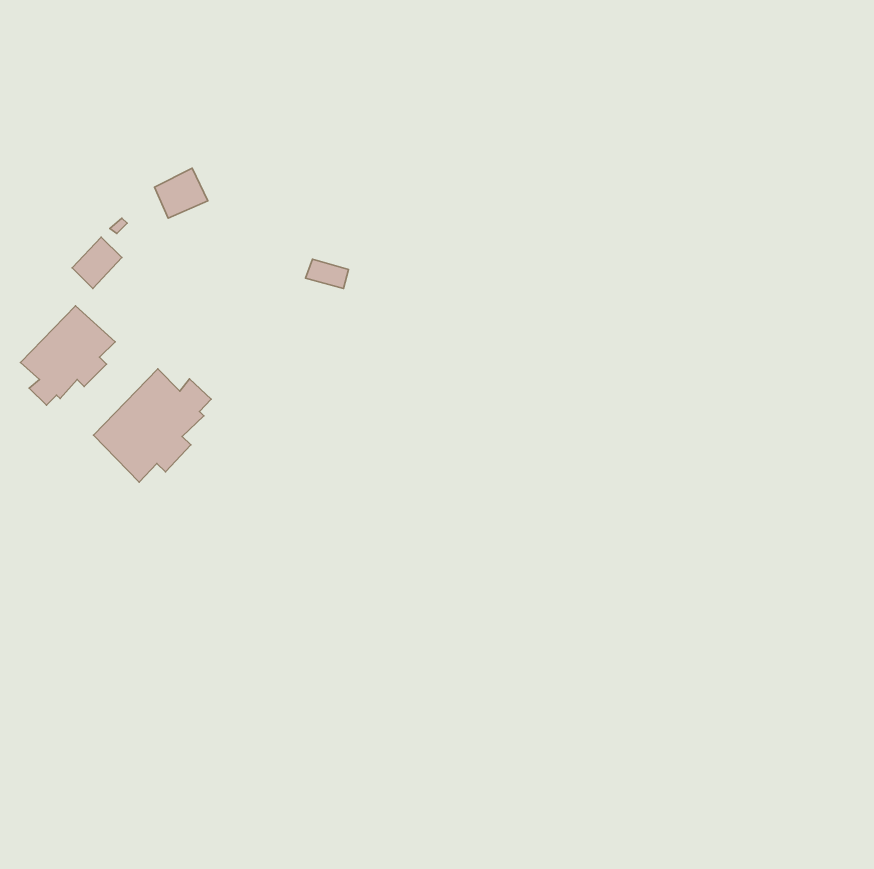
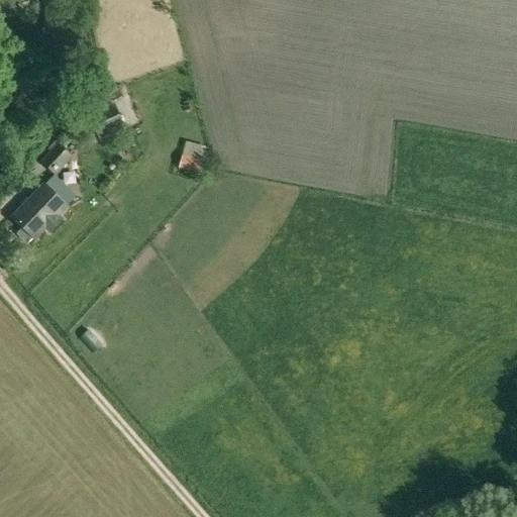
building: [93,369,211,482] -> none

